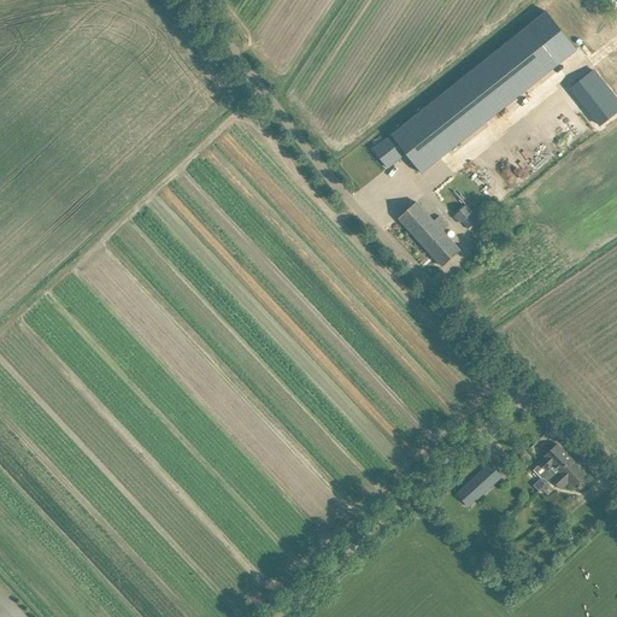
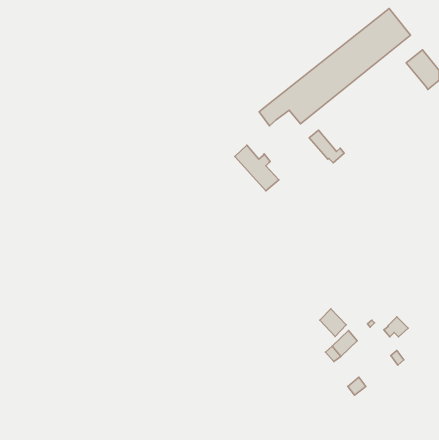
building: [398,202,459,266] -> [235,145,279,191]
building: none -> [320,309,346,336]
building: [551,459,586,489] -> none

